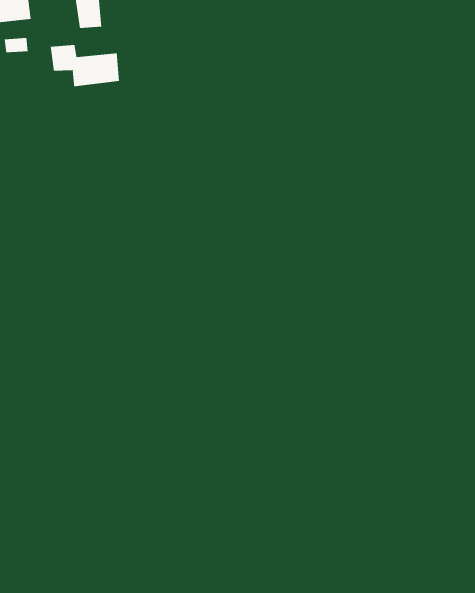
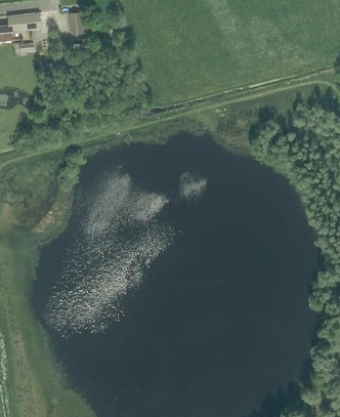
building: [50,44,120,87] -> none

